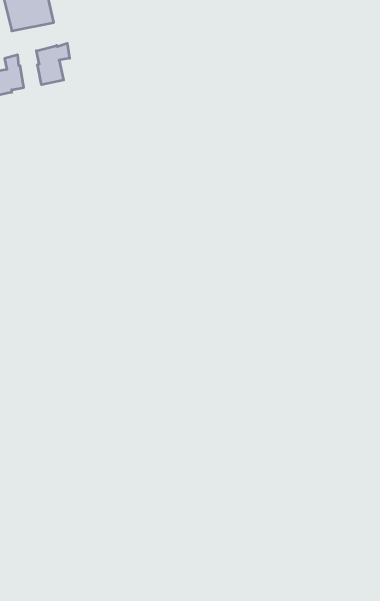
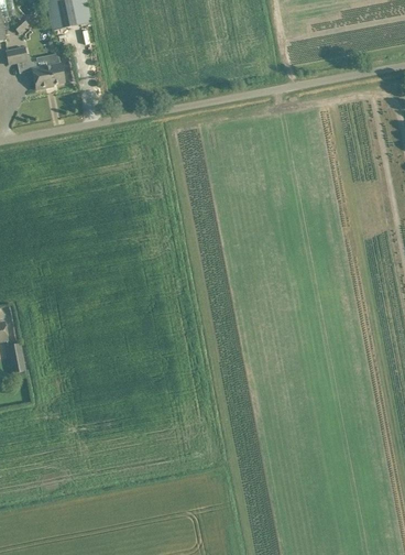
building: [36,43,70,85] -> none

